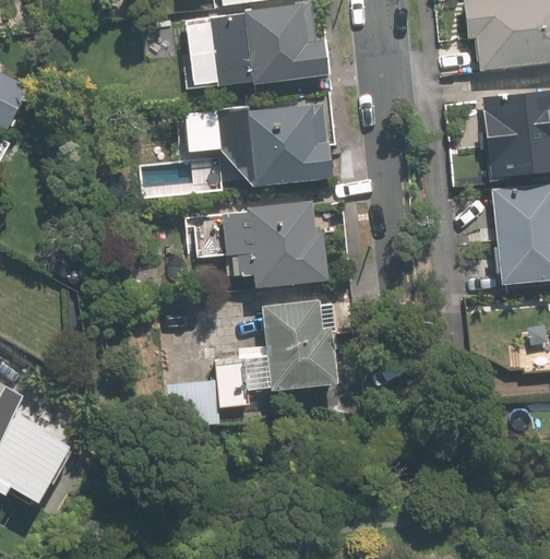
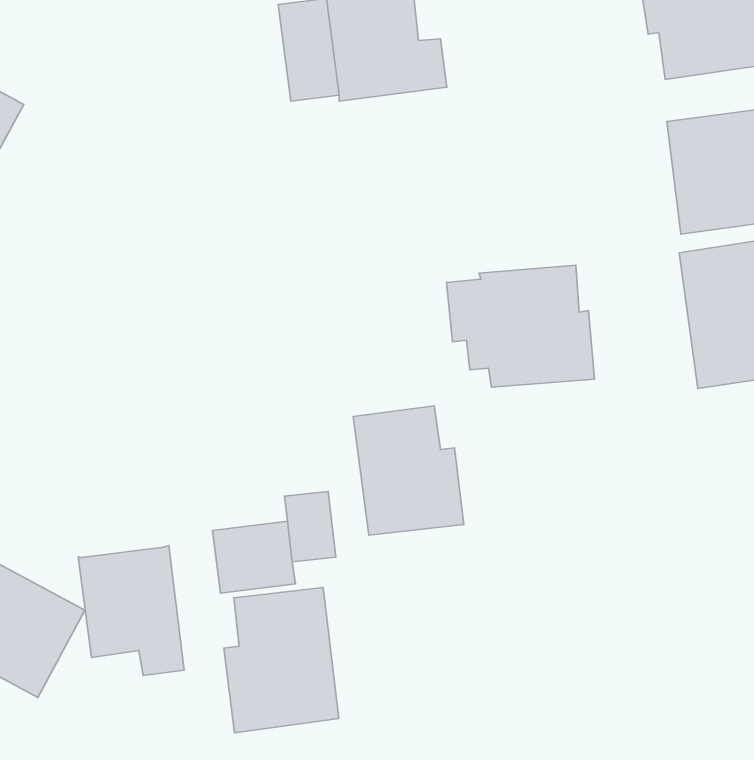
building: [217,103,333,185] -> none
building: [223,201,326,286] -> [446,265,595,387]
building: none -> [78,546,184,675]
building: none -> [224,587,339,733]

